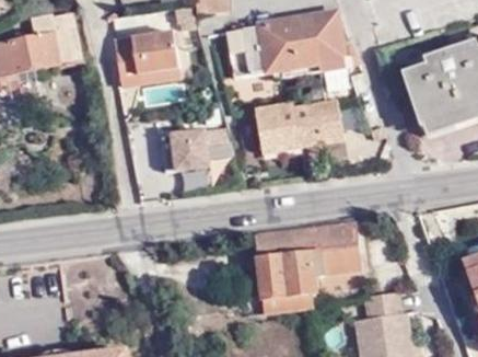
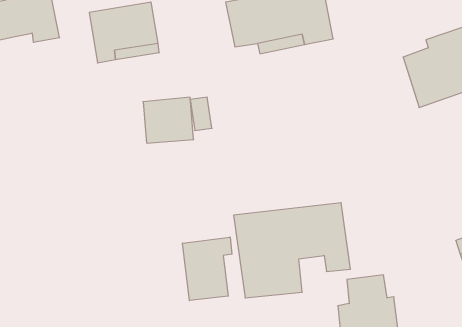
building: [257,94,345,148] -> none
building: none -> [183,237,232,301]

